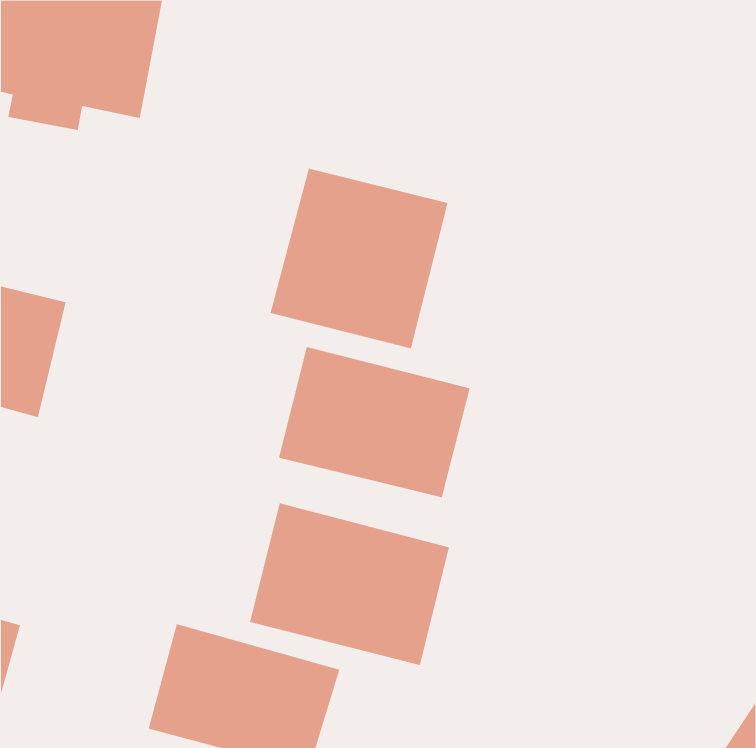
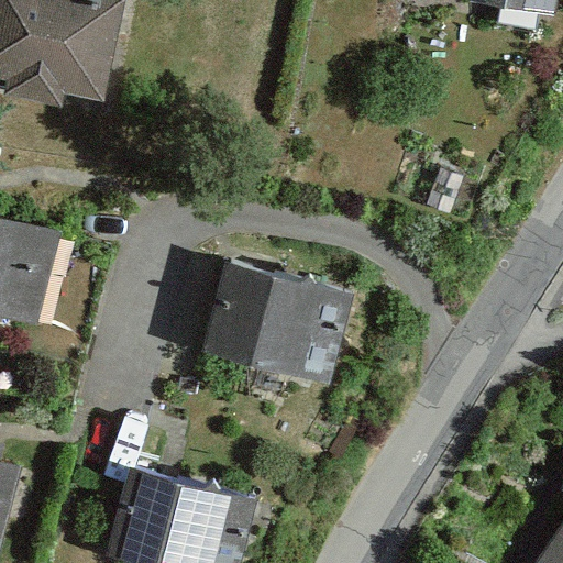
building: [270,168,448,349] -> none
building: [249,502,450,666] -> none

